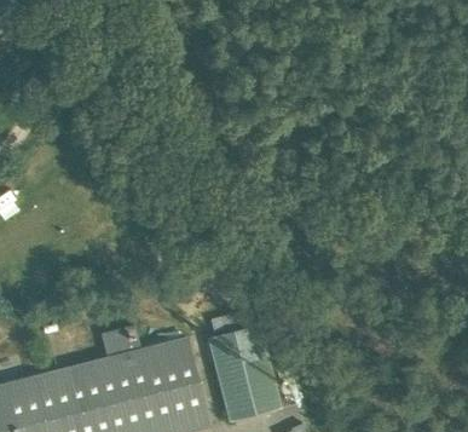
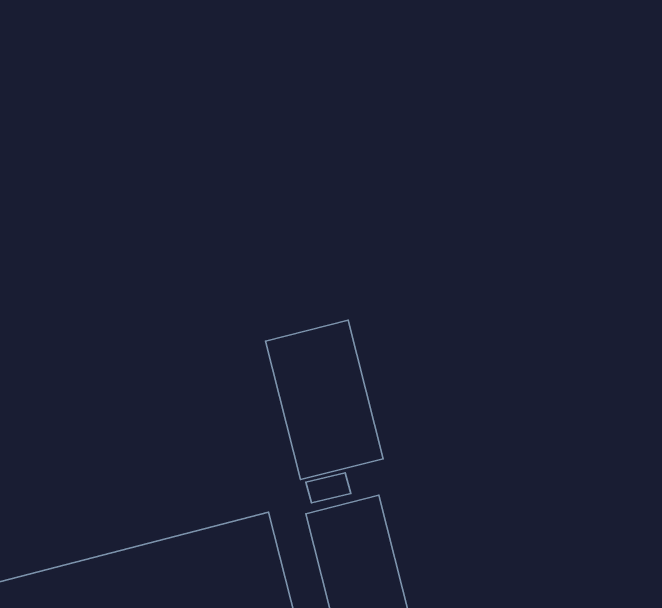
building: none -> [266,320,383,479]

